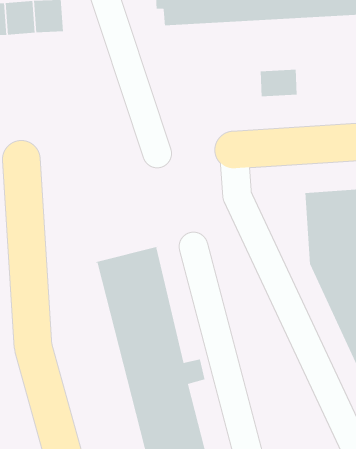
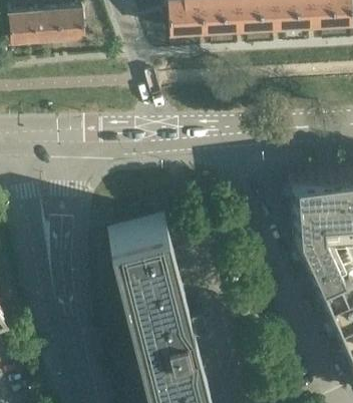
building: [260,69,297,97] -> none

